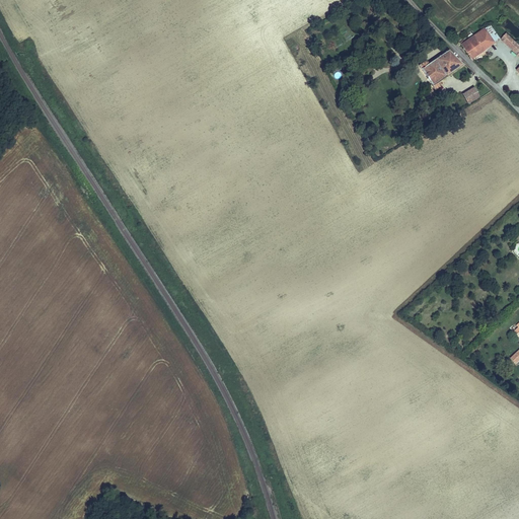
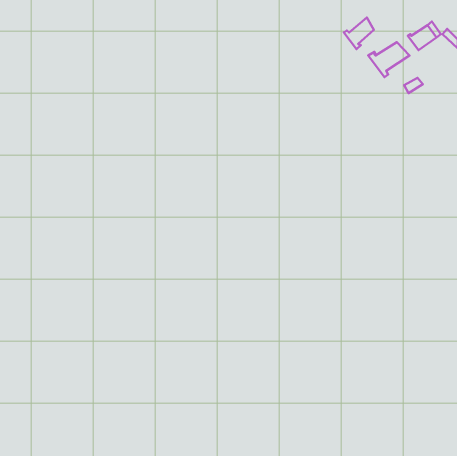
building: none -> [344,18,374,49]

